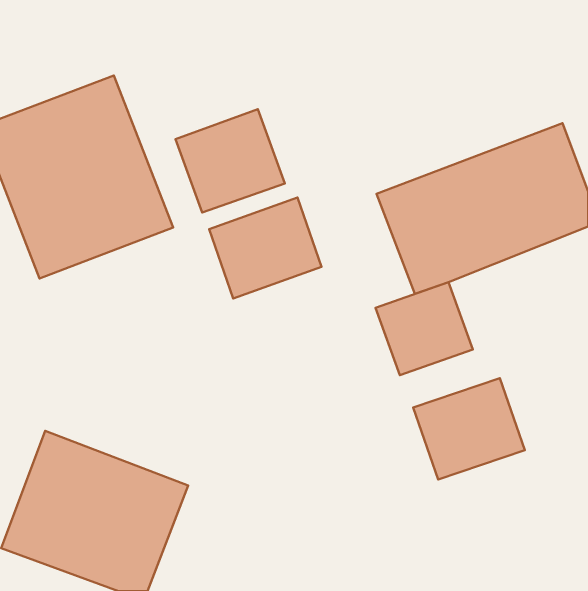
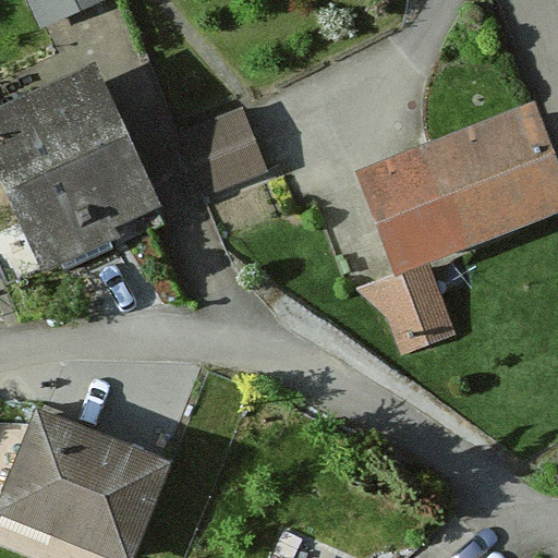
building: [209,197,321,298] -> none
building: [413,378,525,479] -> none

